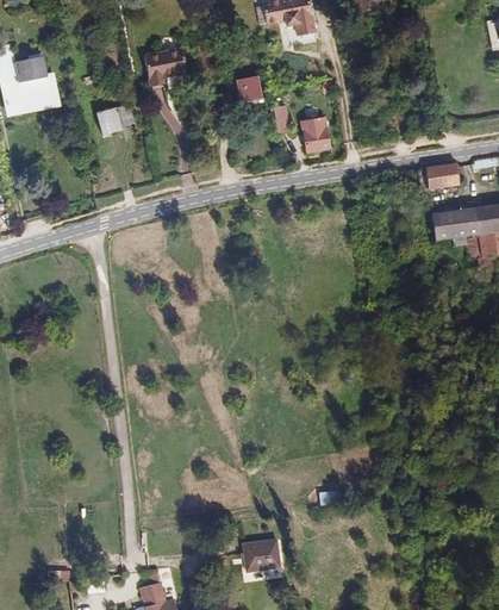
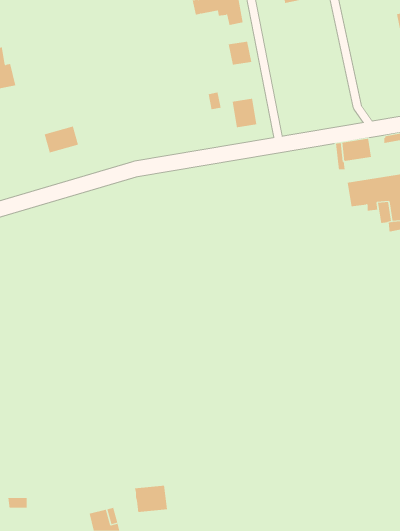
building: [144,48,187,85] -> none
building: [236,75,263,102] -> [228,41,252,65]
building: [96,104,136,135] -> [44,126,79,153]
building: [242,540,280,571] -> [134,485,168,513]

